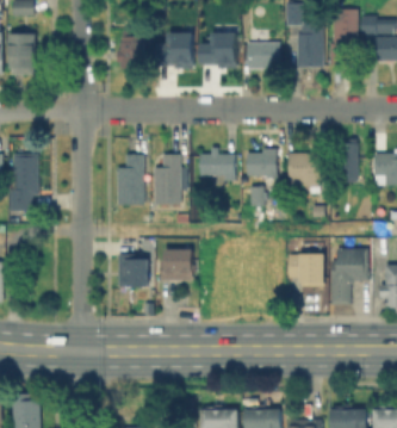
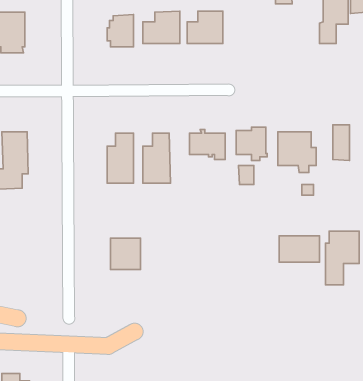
building: [296,33,323,67] -> none
building: [246,42,280,68] -> none
building: [161,253,194,280] -> none

